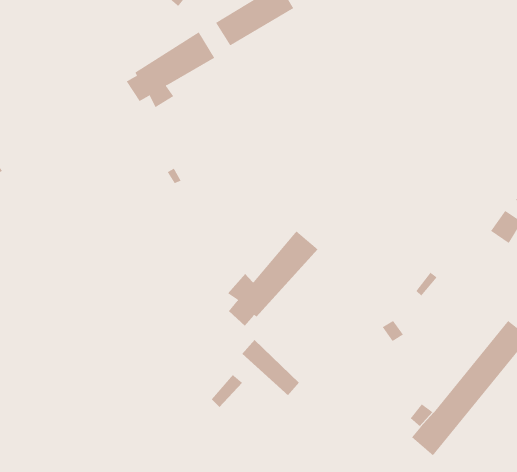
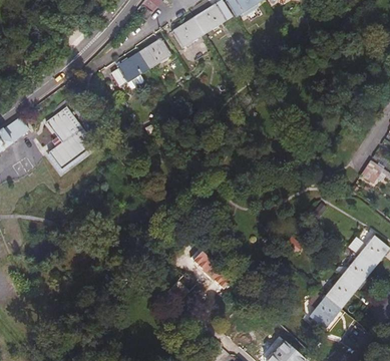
building: none -> [45,105,95,168]
building: [227,230,318,327] -> none

